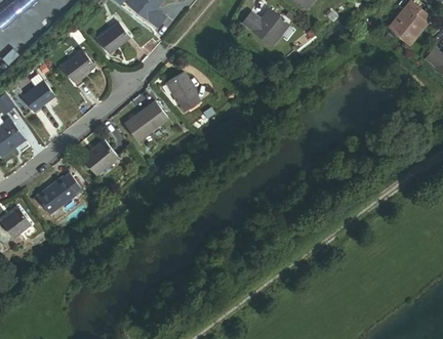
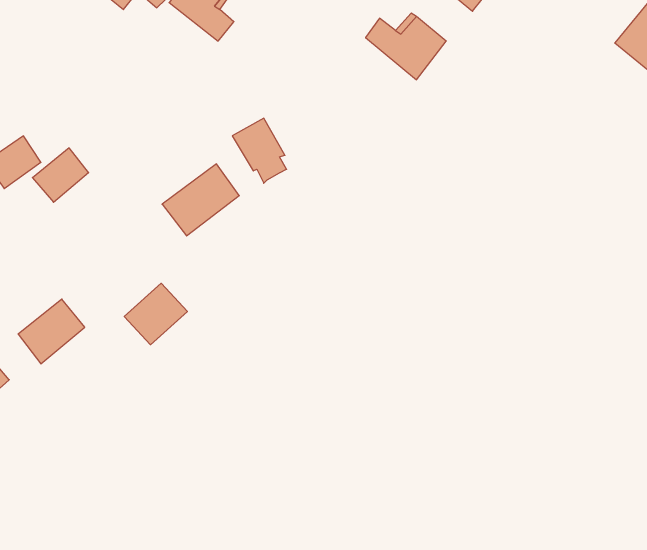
building: [95,22,128,53] -> none
building: [59,49,92,81] -> [32,148,89,202]
building: [83,139,120,175] -> [124,283,187,345]

